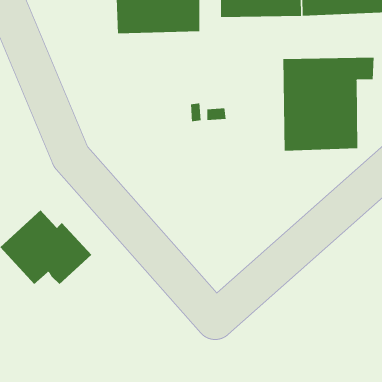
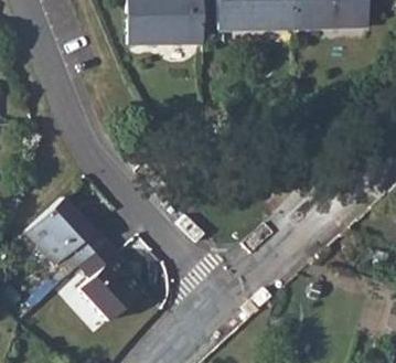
building: [283,57,374,151] -> none
building: none -> [78,237,146,320]

